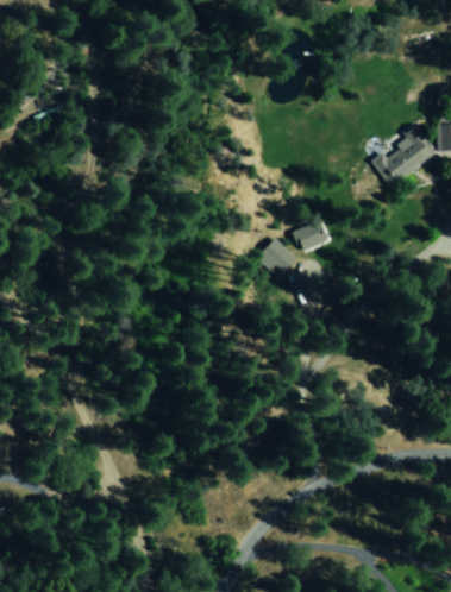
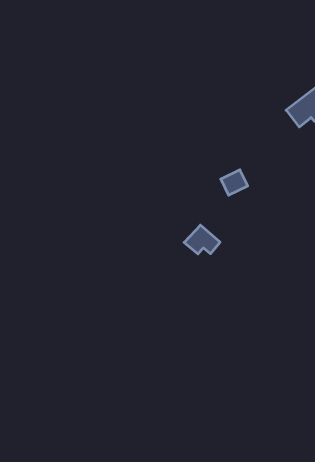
building: [257,238,297,271] -> [184,225,220,254]

